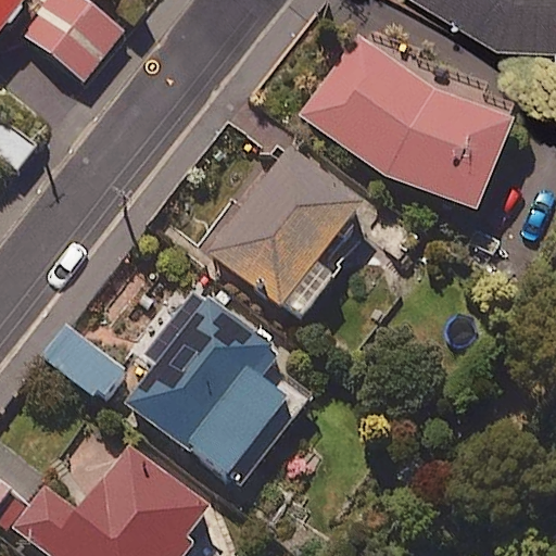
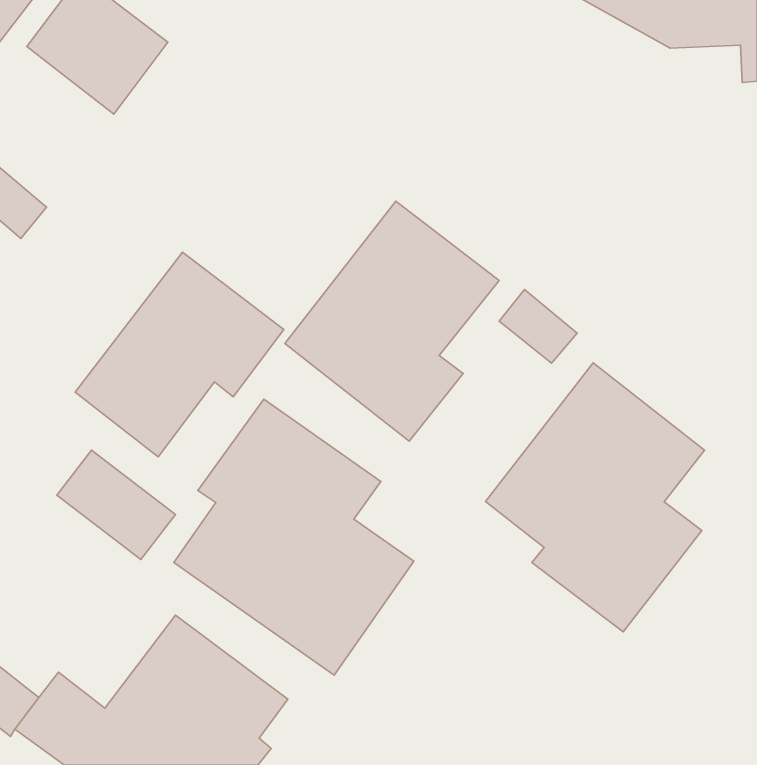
building: [298,30,513,212] -> none
building: none -> [75,252,284,457]
building: none -> [485,363,705,632]

